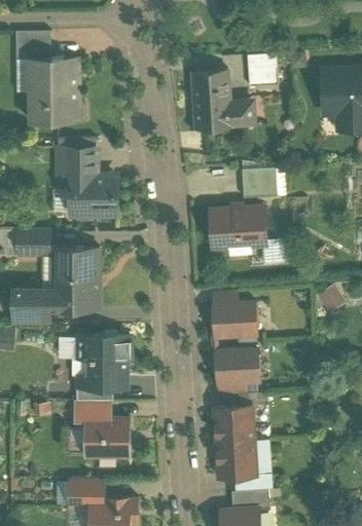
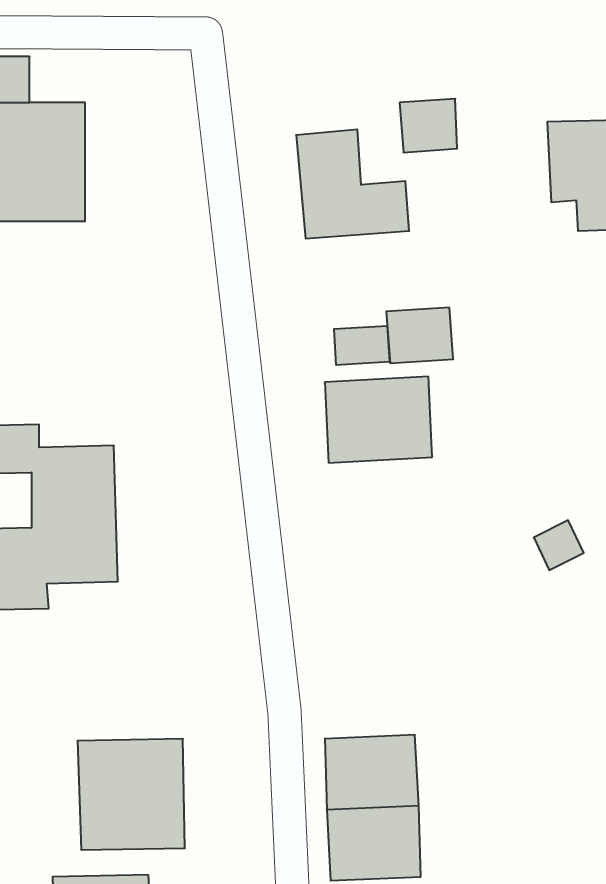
building: [53,138,124,218] -> none
building: none -> [334,326,389,365]
building: [207,289,270,339] -> none
building: [70,327,122,389] -> none
building: [211,342,274,394] -> none

